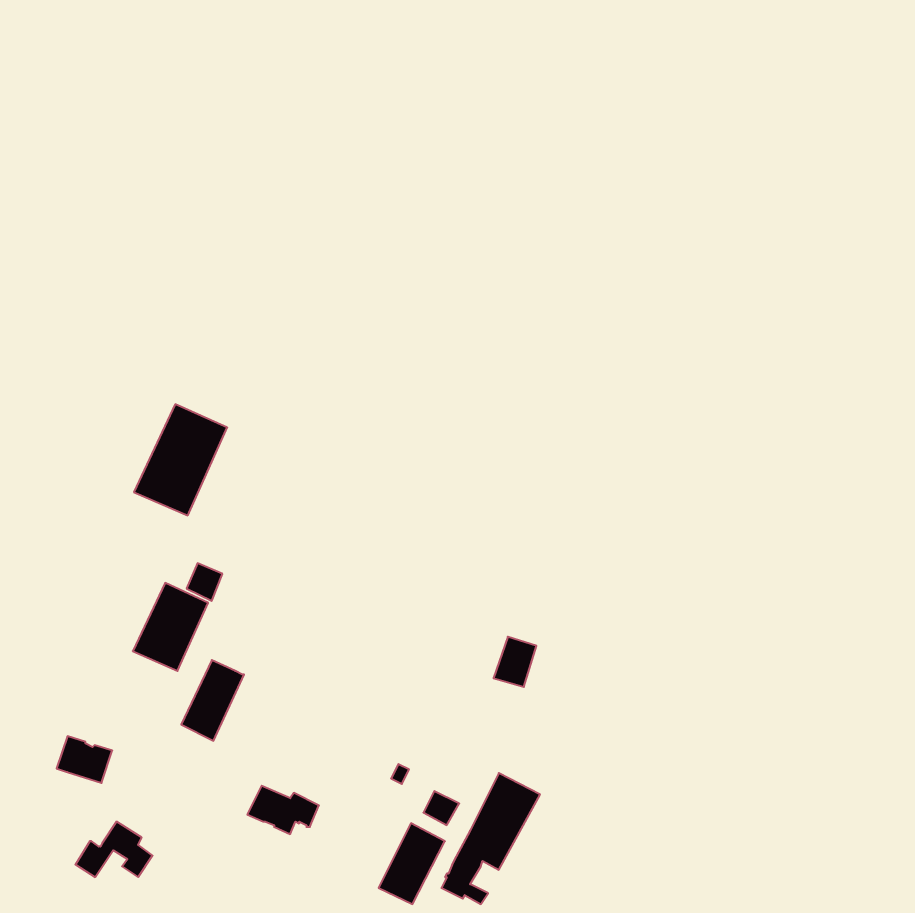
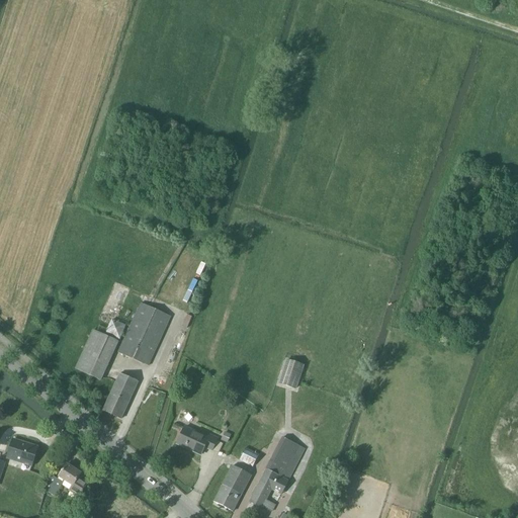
building: [134,404,227,515] -> [118,301,171,364]
building: [57,736,112,783] -> [7,438,38,464]
building: [247,786,319,834] -> [177,426,218,453]

